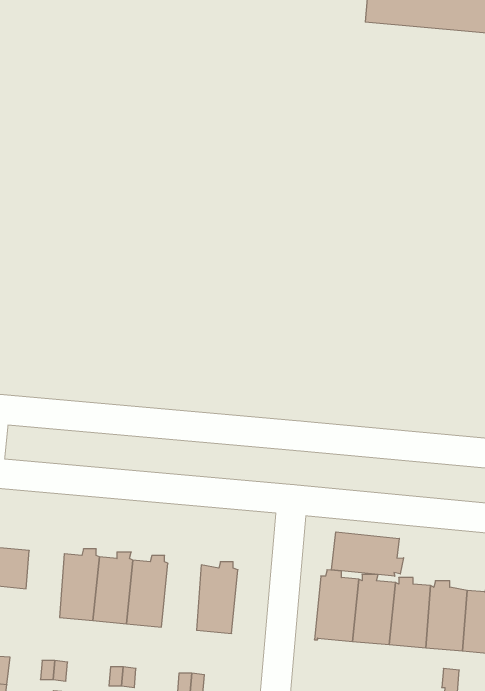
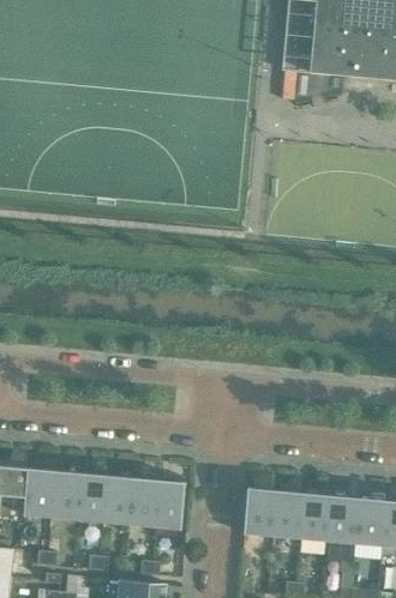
building: [332,532,404,576] -> none
building: none -> [23,465,54,519]
building: none -> [127,475,157,528]

